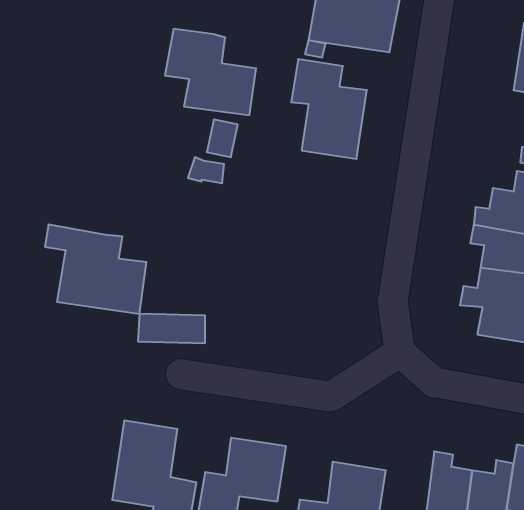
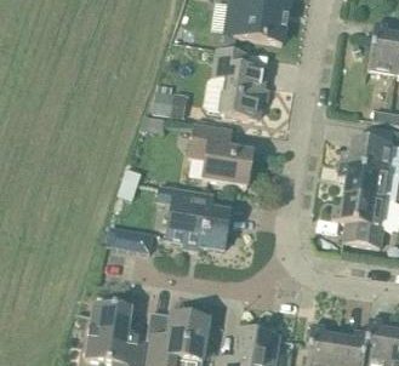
building: [165,29,256,115] -> [188,121,252,182]
building: [45,224,147,314] -> [158,183,229,246]

